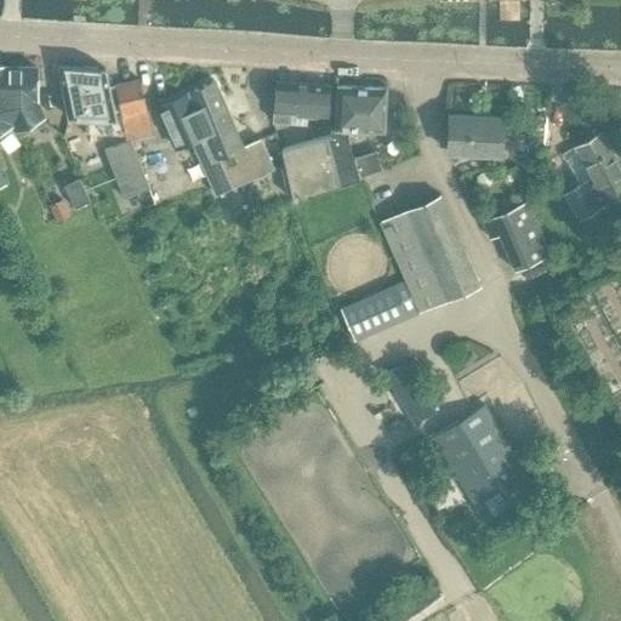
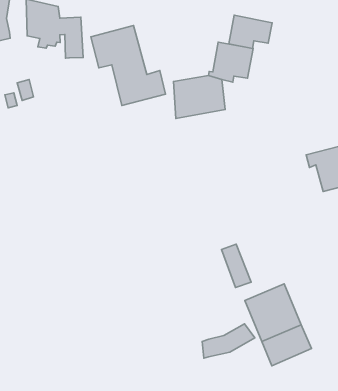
building: [273,85,329,127] -> [229,15,272,48]
building: [448,116,503,156] -> none
building: [106,142,150,199] -> none
building: [342,198,479,341] -> none
building: none -> [202,324,255,358]

